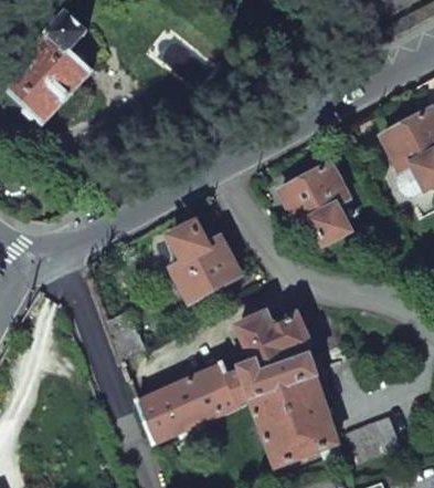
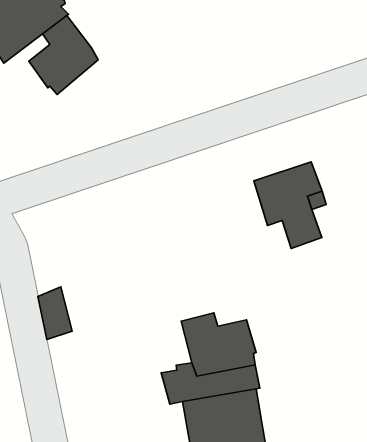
building: none -> [29,15,98,94]
building: [171,224,241,303] -> none
building: [139,362,241,442] -> none

